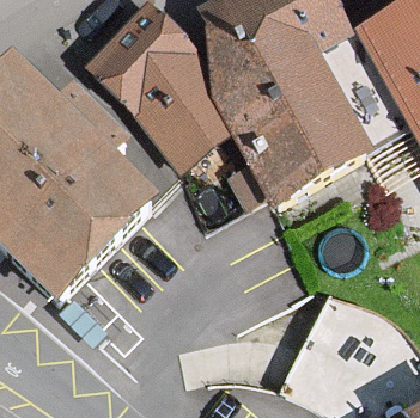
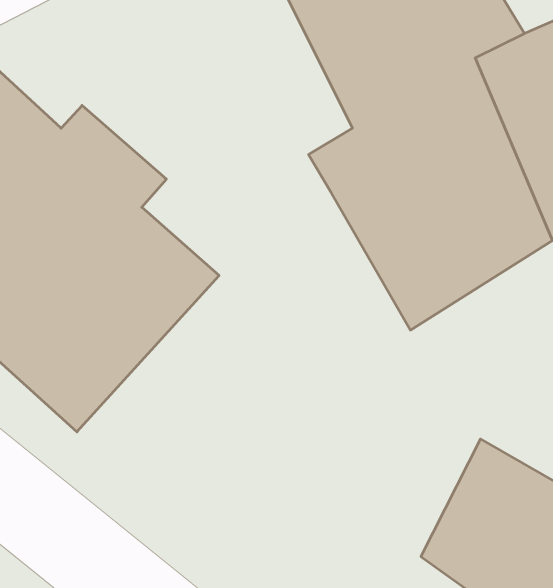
building: [96,13,235,171] -> none

